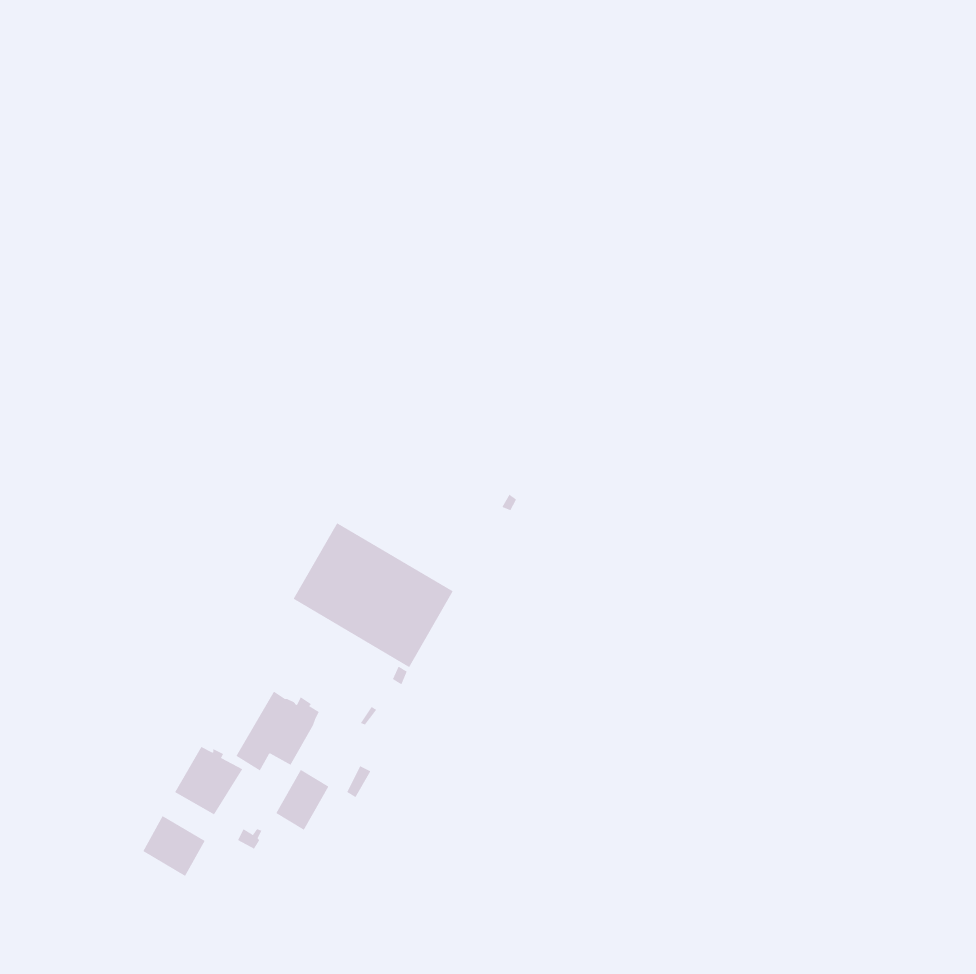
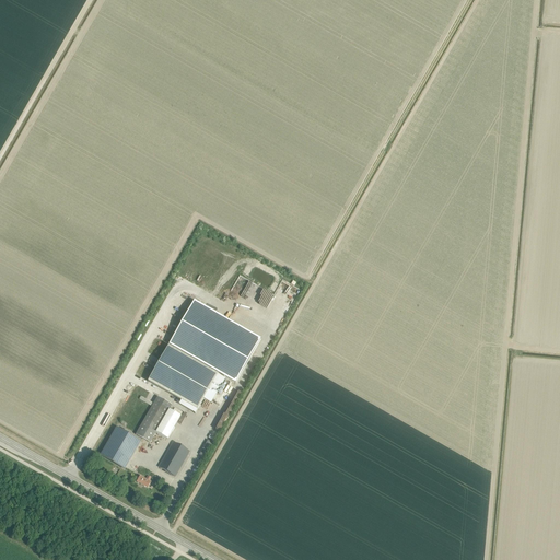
building: none -> [148,345,224,407]
building: [142,815,206,877] -> none

